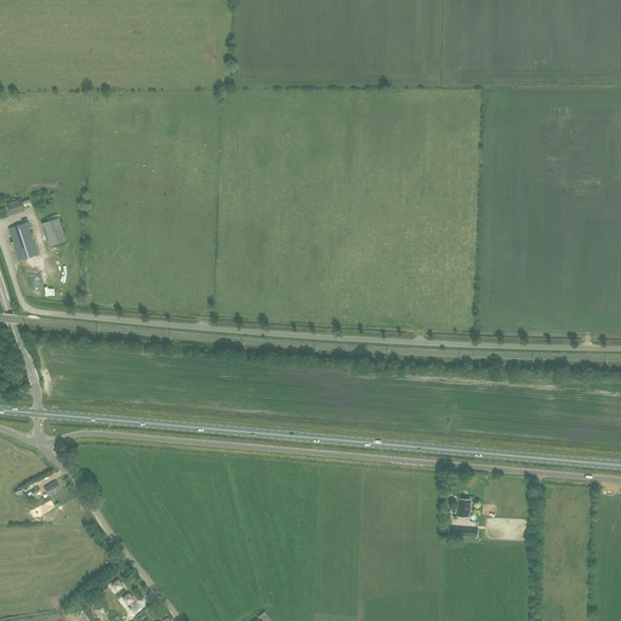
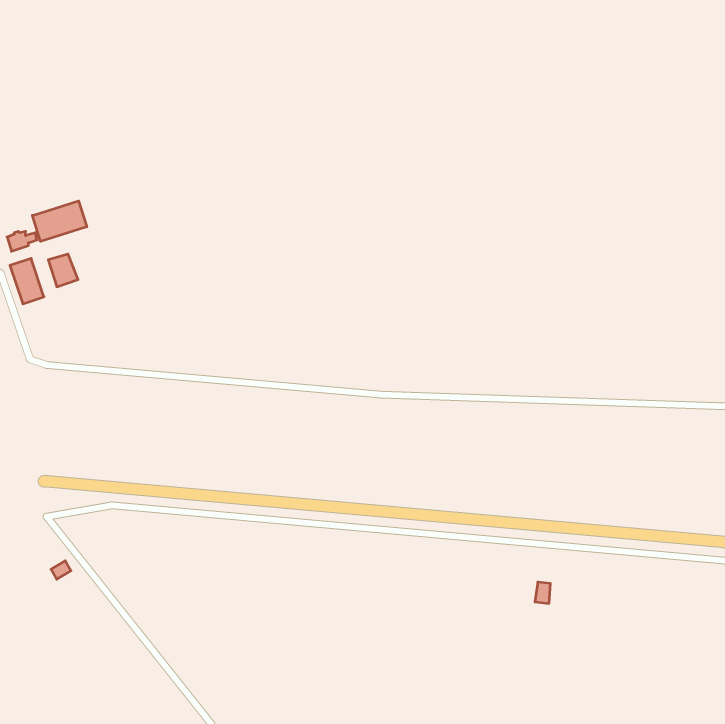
building: none -> [32,201,87,241]

